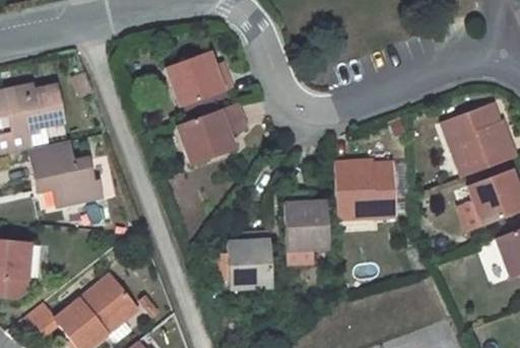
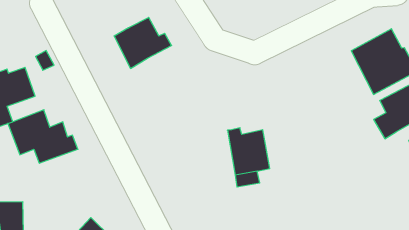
building: [177,106,237,164] -> none
building: [334,159,396,218] -> none
building: [228,231,272,287] -> none

